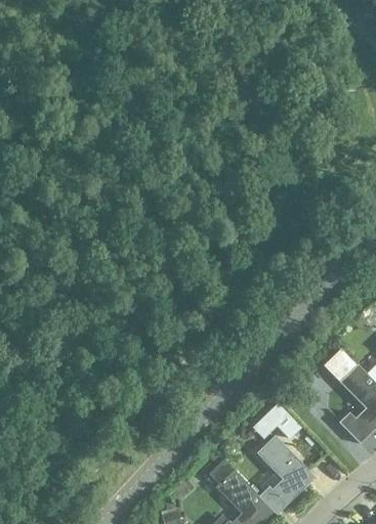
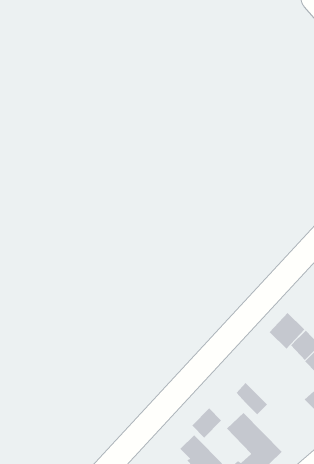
building: none -> [269,312,305,349]
building: none -> [192,407,222,438]

